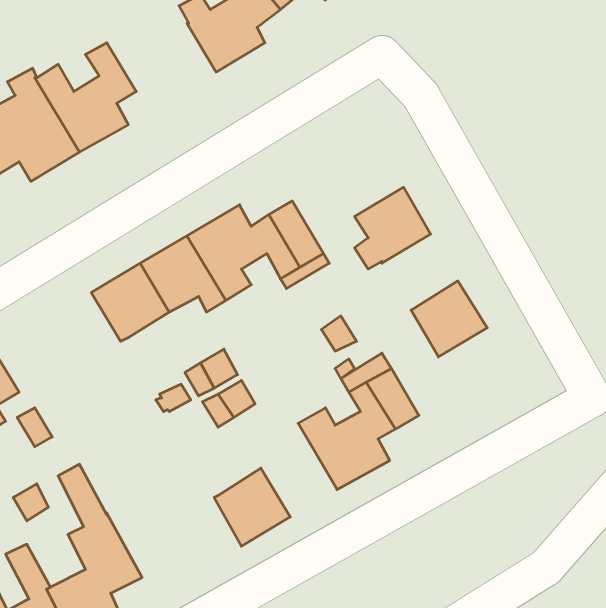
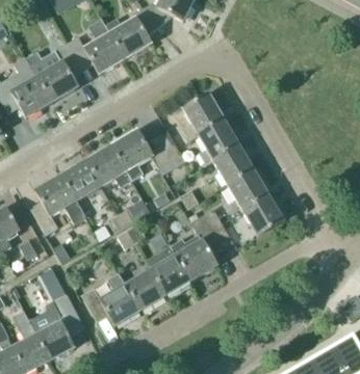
building: none -> [66,33,124,74]
building: none -> [181,94,224,139]
building: none -> [212,145,253,186]
building: none -> [29,177,85,234]
building: none -> [242,195,283,236]
building: none -> [145,246,188,296]
building: none -> [81,271,137,325]

